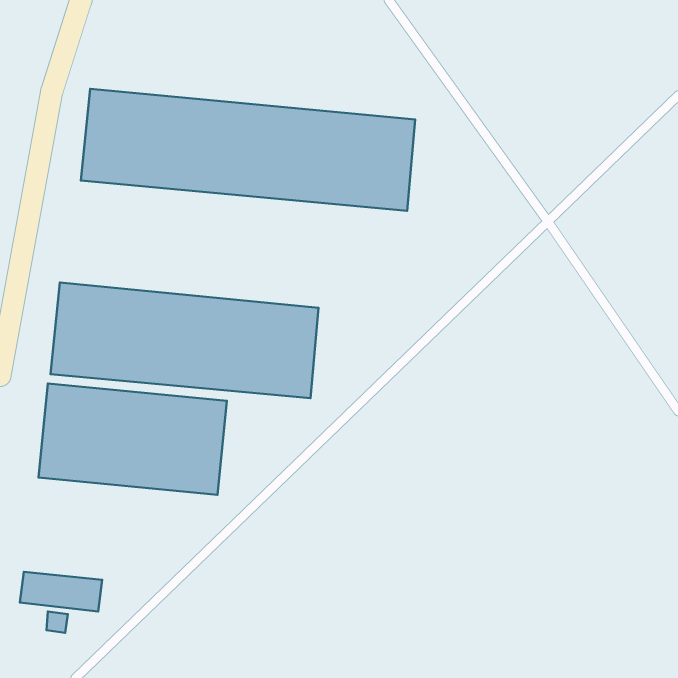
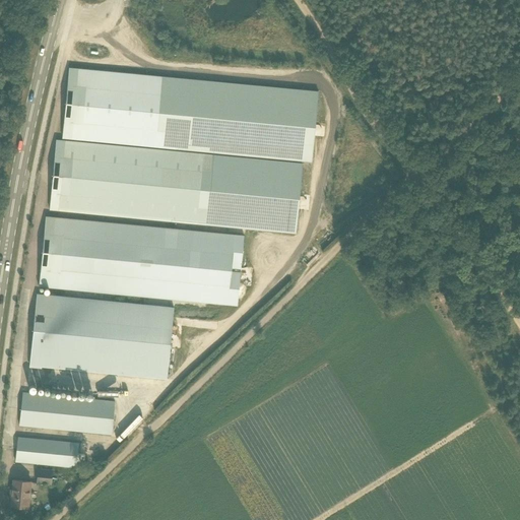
building: none -> [50,140,303,234]
building: none -> [19,392,114,435]
building: none -> [11,479,30,508]

